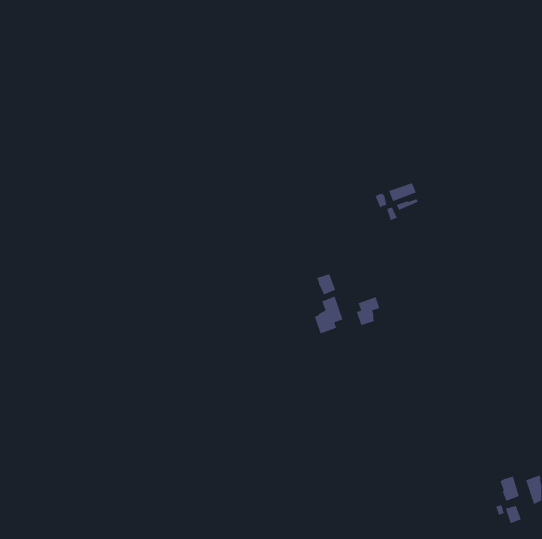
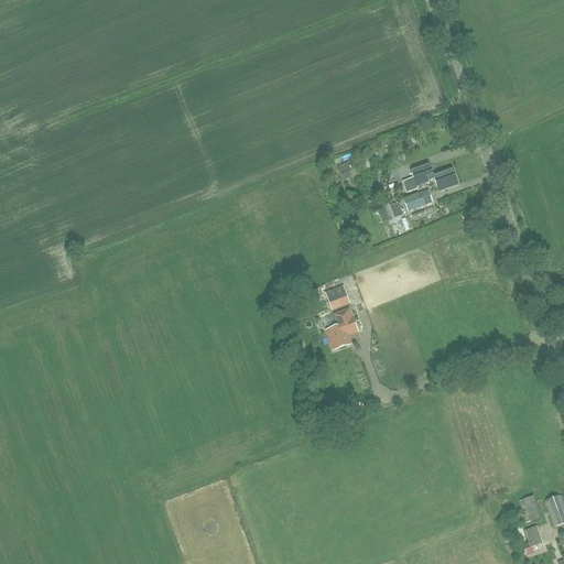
building: none -> [402,162,457,191]
building: [356,296,380,326] -> none

